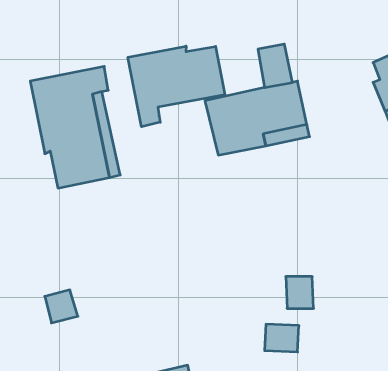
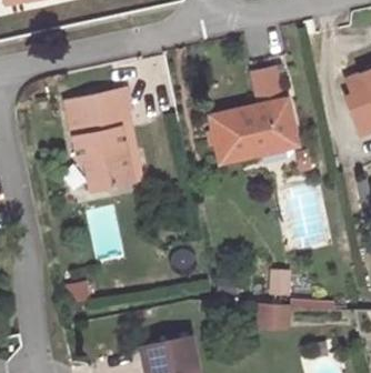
building: [128,46,225,127] -> none

